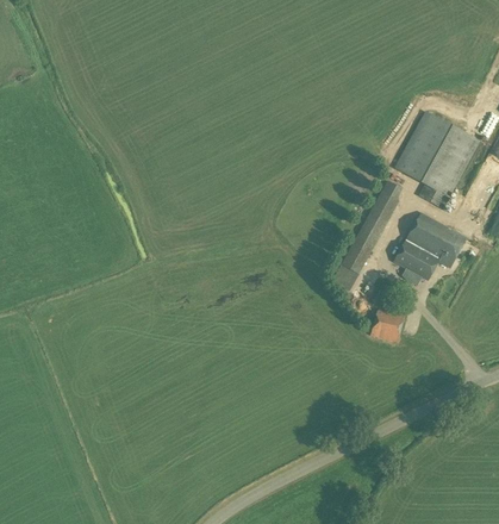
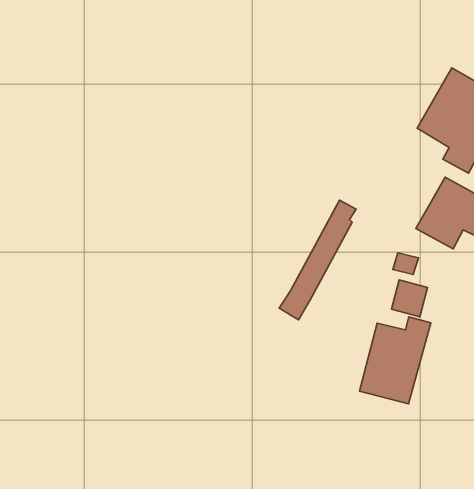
building: [331,180,403,291] -> [279,200,356,320]
building: none -> [360,317,431,404]

